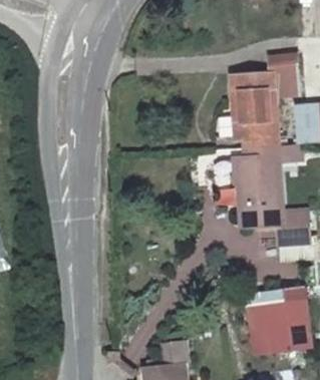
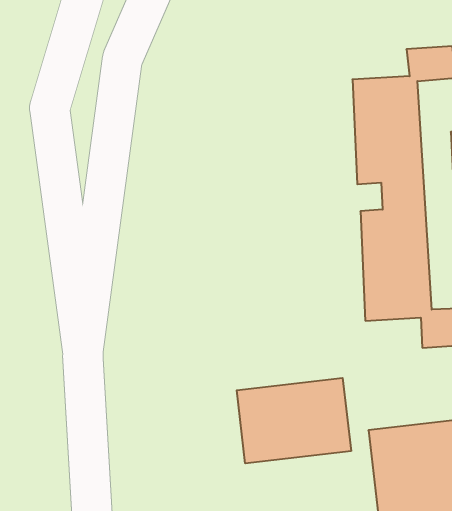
building: none -> [237,378,351,463]

